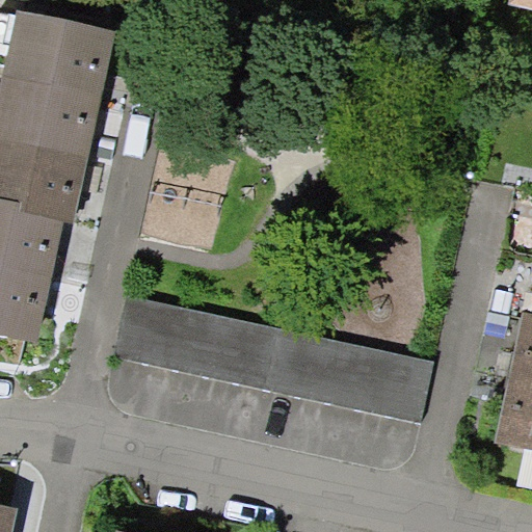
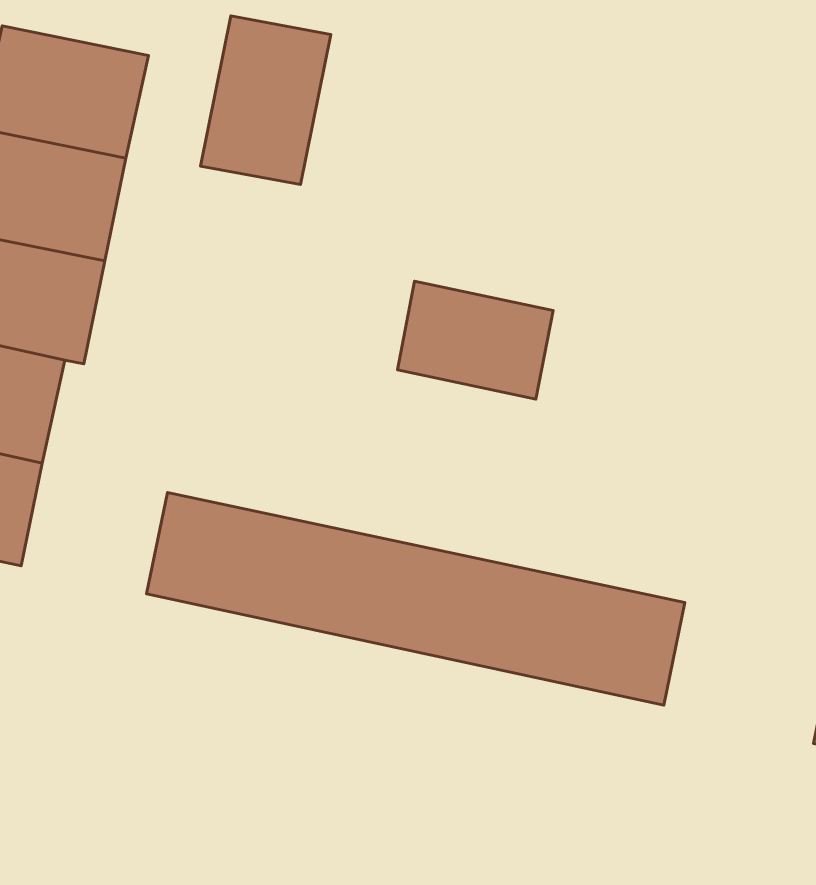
building: none -> [200,16,331,184]
building: none -> [397,281,553,399]

